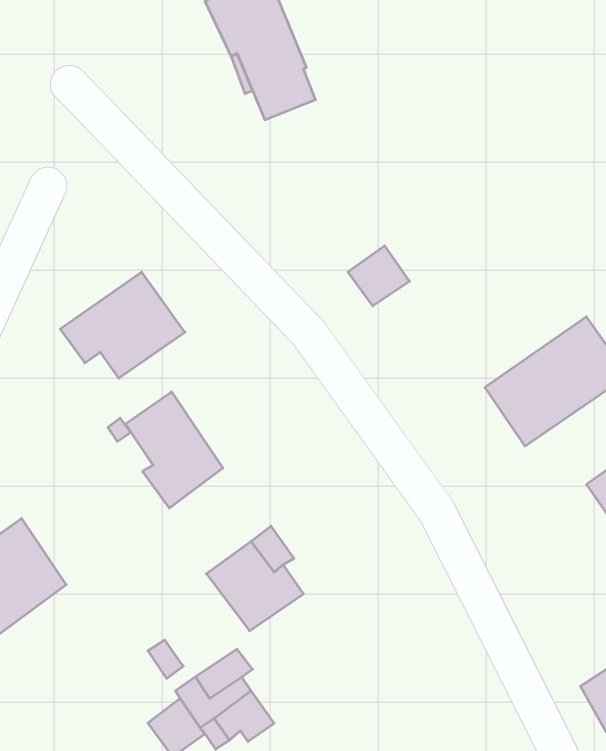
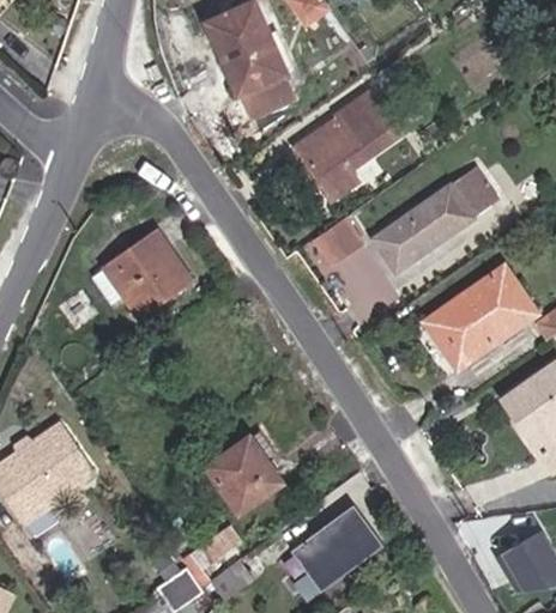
building: none -> [295,105,395,196]
building: none -> [371,166,498,269]
building: [125,392,223,508] -> none
building: none -> [292,503,386,590]

